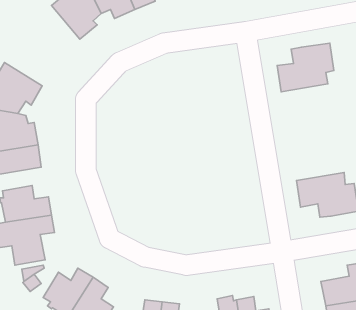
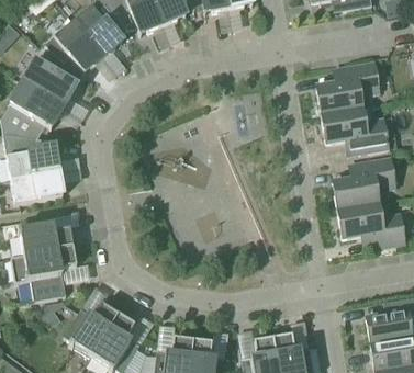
building: none -> [45,20,103,72]
building: none -> [22,49,72,106]
building: none -> [321,104,388,154]
building: none -> [333,155,394,208]

